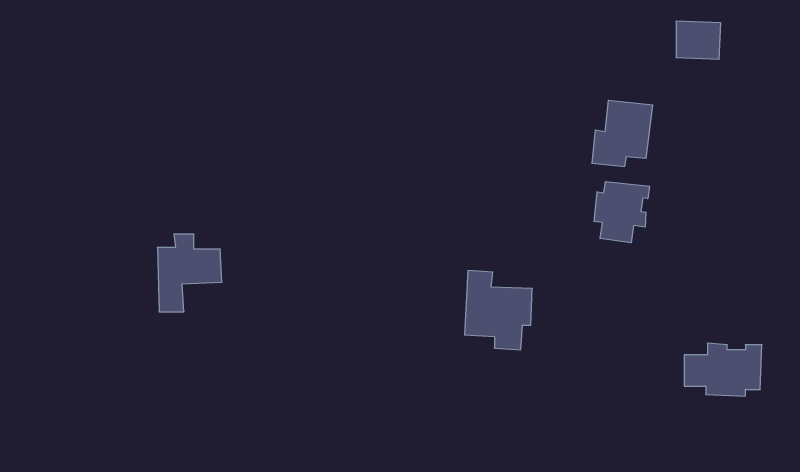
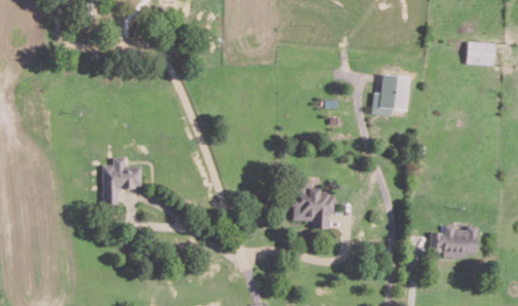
building: [676,21,721,59] -> [468,41,495,65]
building: [594,182,650,243] -> none

